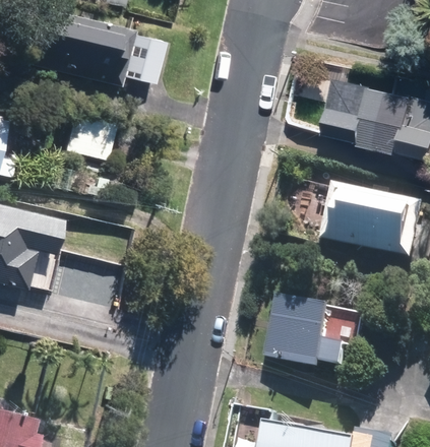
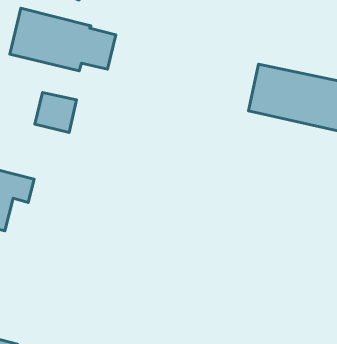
building: [313,185,418,263] -> none
building: [264,299,353,369] -> none

